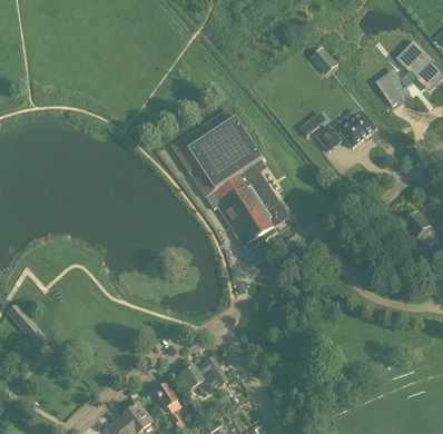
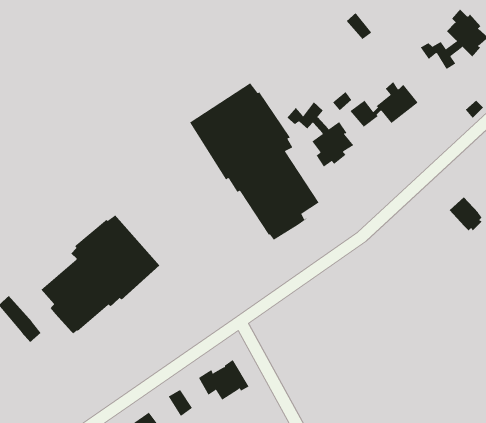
building: none -> [286,102,354,167]
building: none -> [41,214,160,336]

